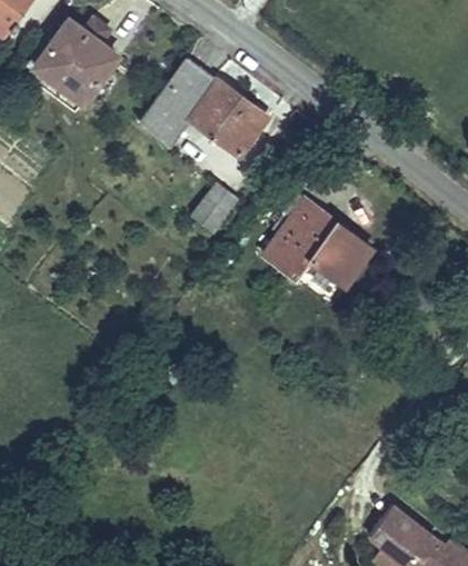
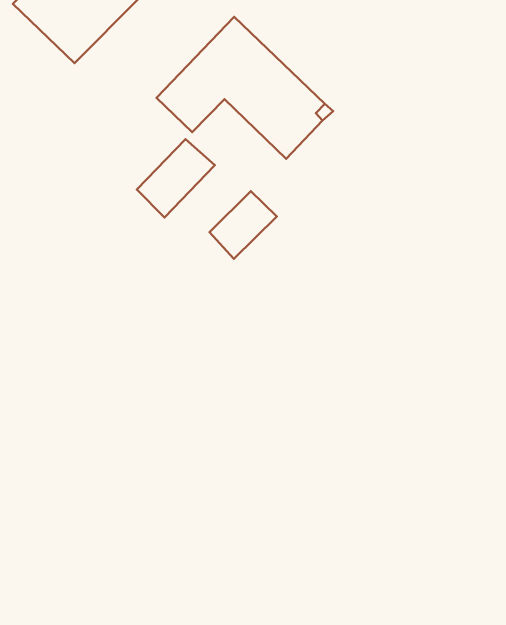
building: none -> [137,139,215,217]
building: [263,193,371,284] -> none

